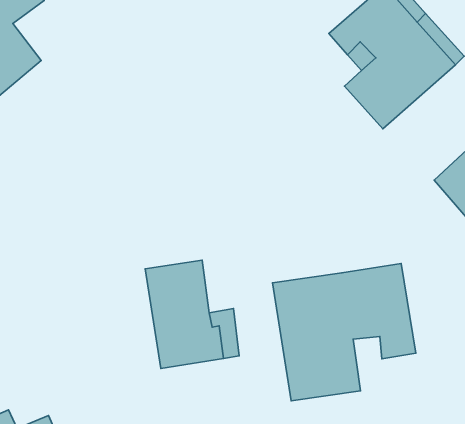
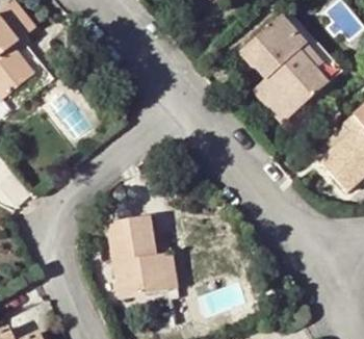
building: [273,263,416,401] -> none

